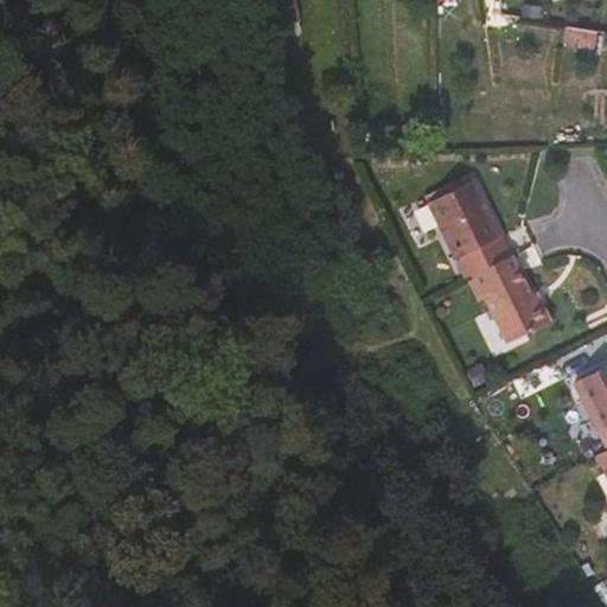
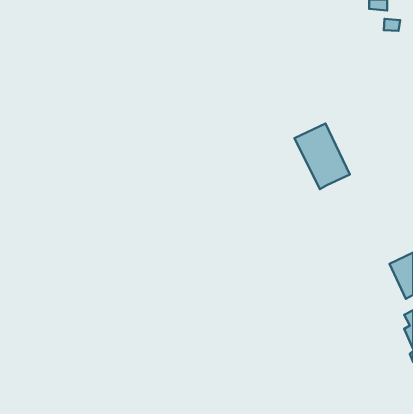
building: [478,254,556,340] -> none

